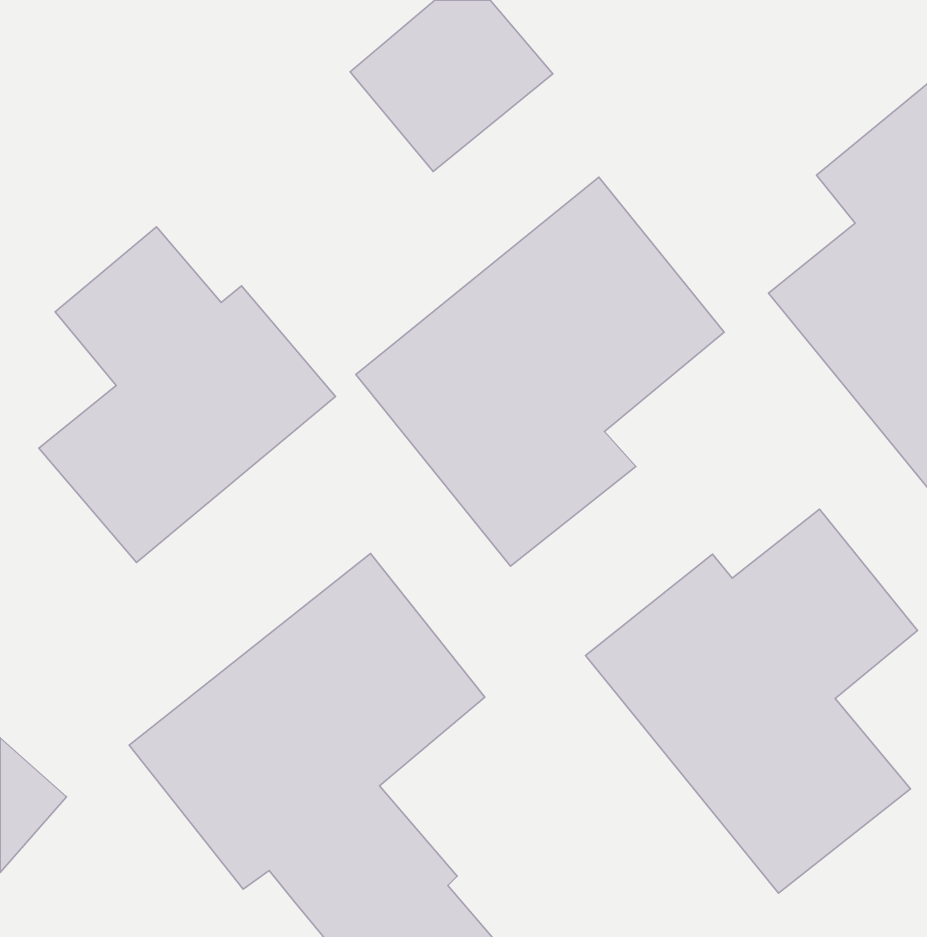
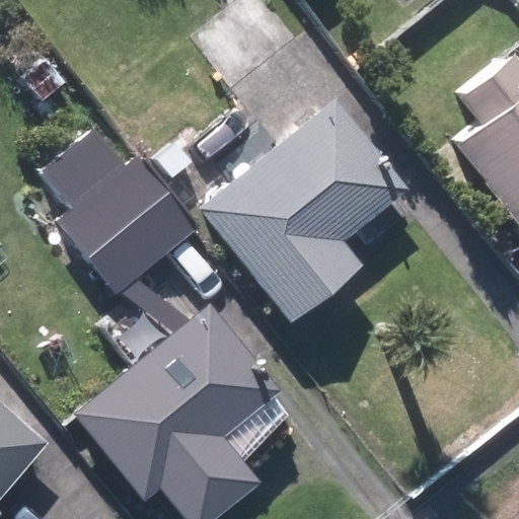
building: [586,509,918,893] -> none

